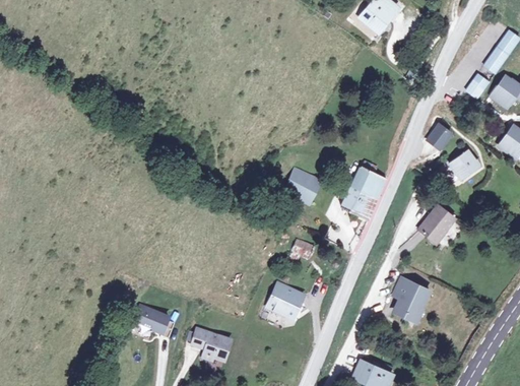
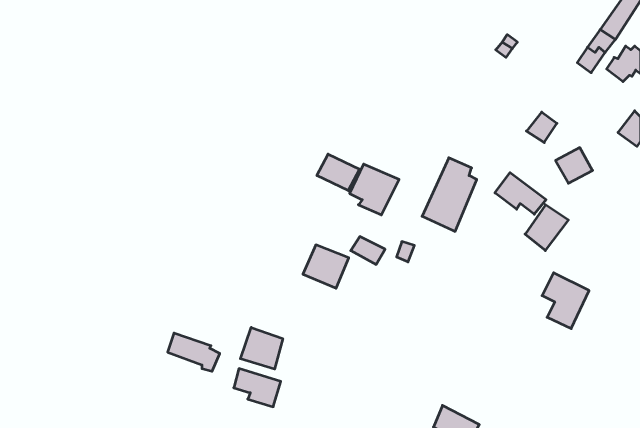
building: none -> [317,154,359,191]
building: none -> [495,173,546,214]
building: [394,276,432,321] -> [542,273,589,329]
building: [265,286,302,321] -> [303,245,349,288]
building: none -> [240,327,283,369]

